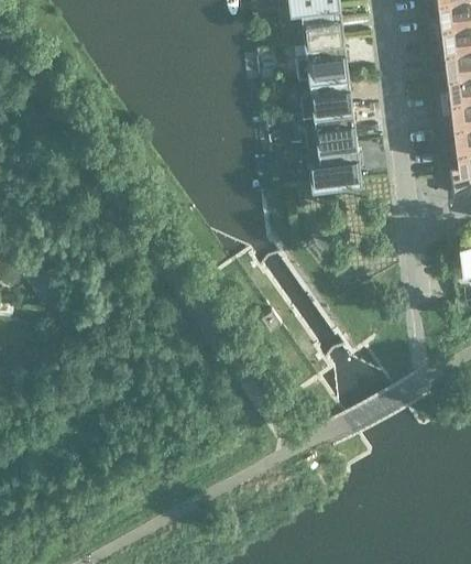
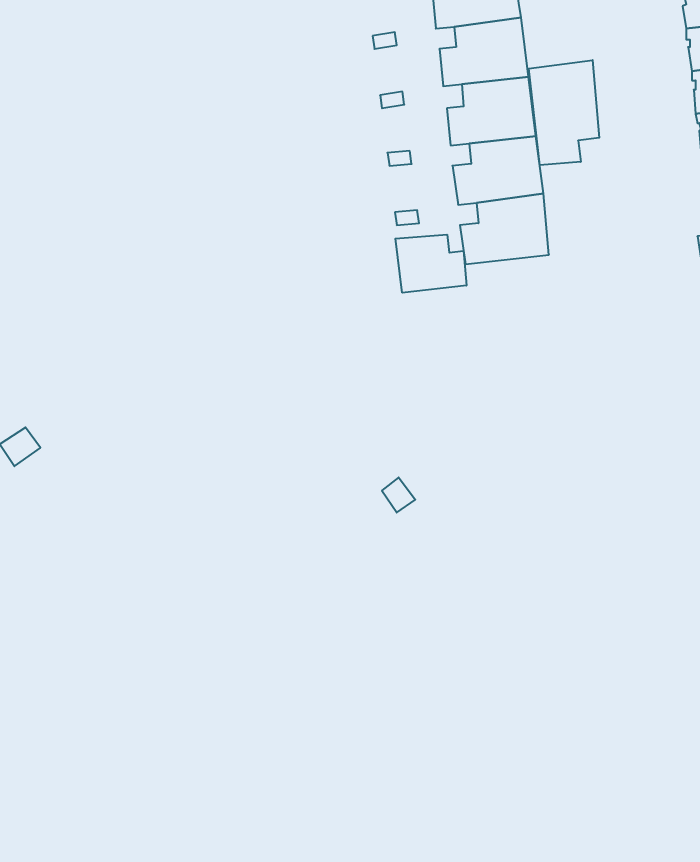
building: none -> [529,60,599,165]
building: none -> [395,235,466,293]

